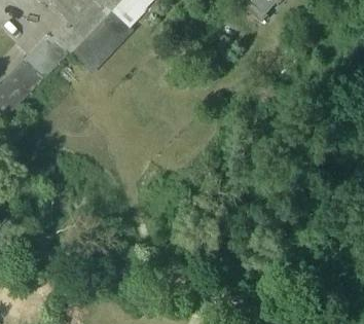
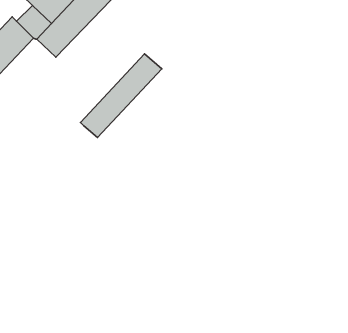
building: none -> [80,54,162,138]

